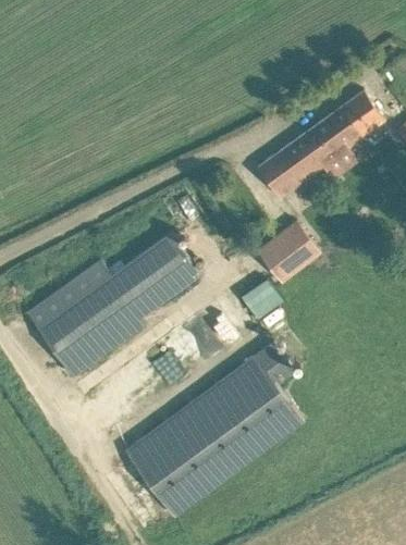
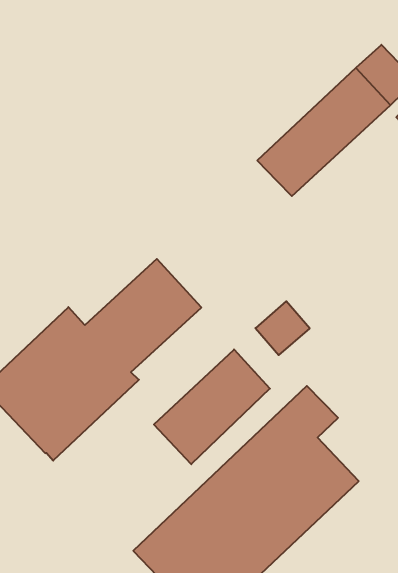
building: [257,222,320,284] -> none
building: none -> [154,349,270,464]

